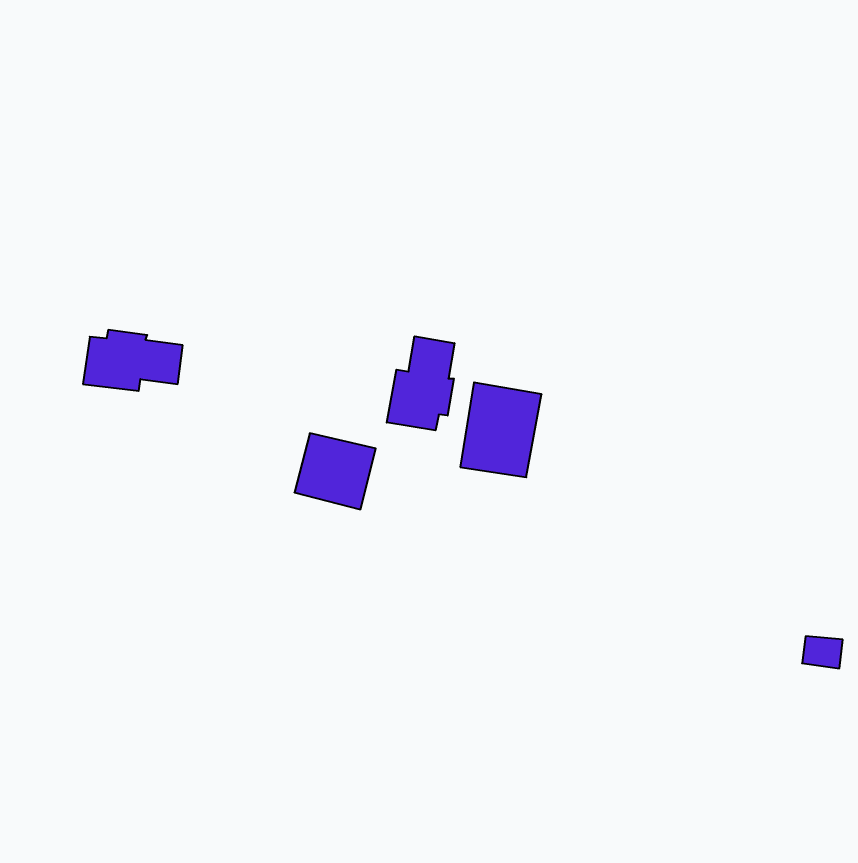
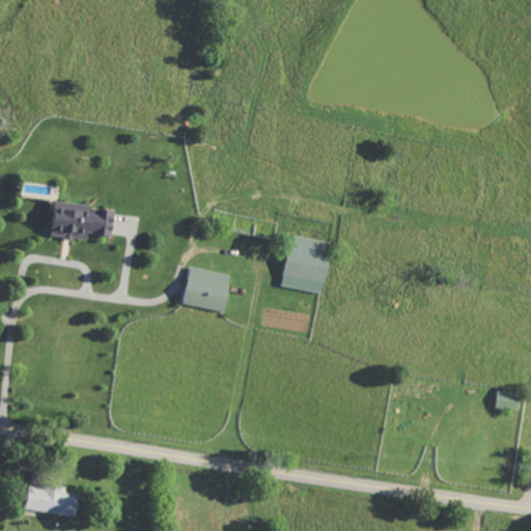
building: [387,336,454,430] -> none
building: none -> [23,485,78,515]

